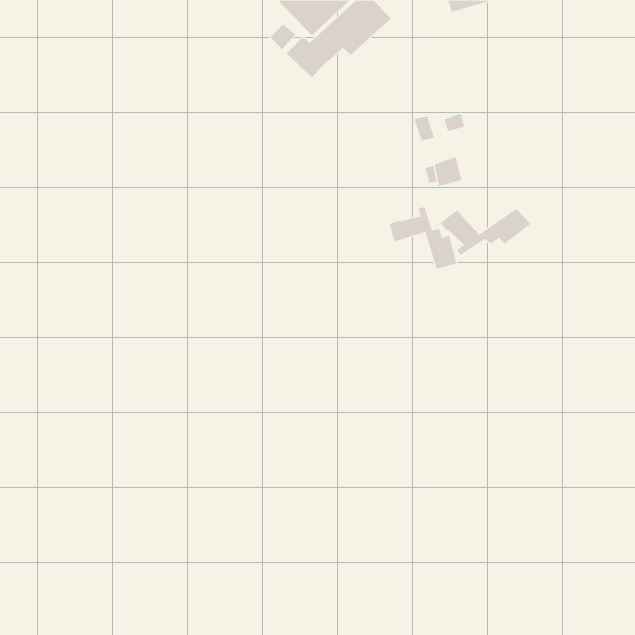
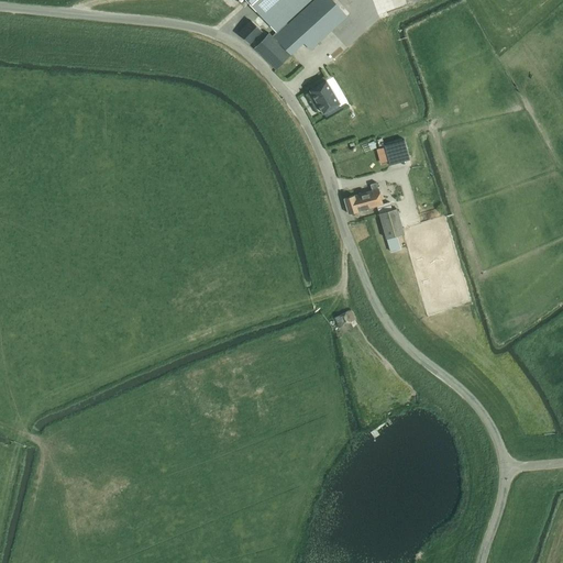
building: none -> [310,80,340,112]
building: [439,208,531,256] -> none

